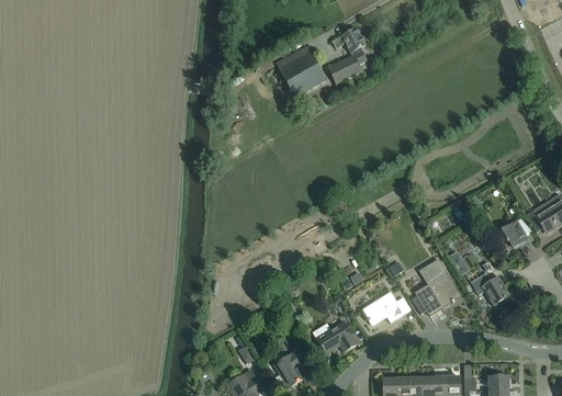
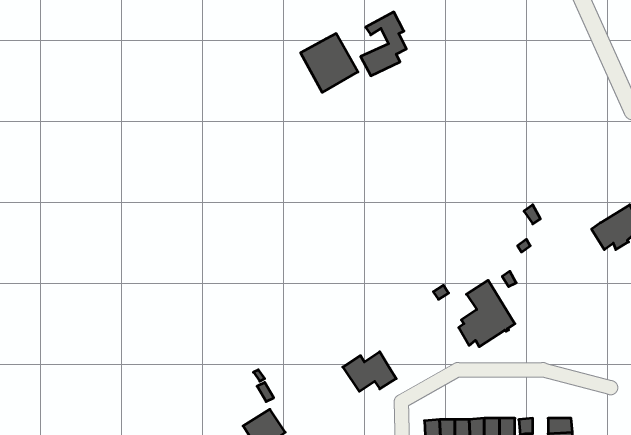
building: [493,220,528,252] -> none
building: [467,268,509,304] -> none
building: [362,291,404,325] -> none
building: [273,349,305,386] -> none

